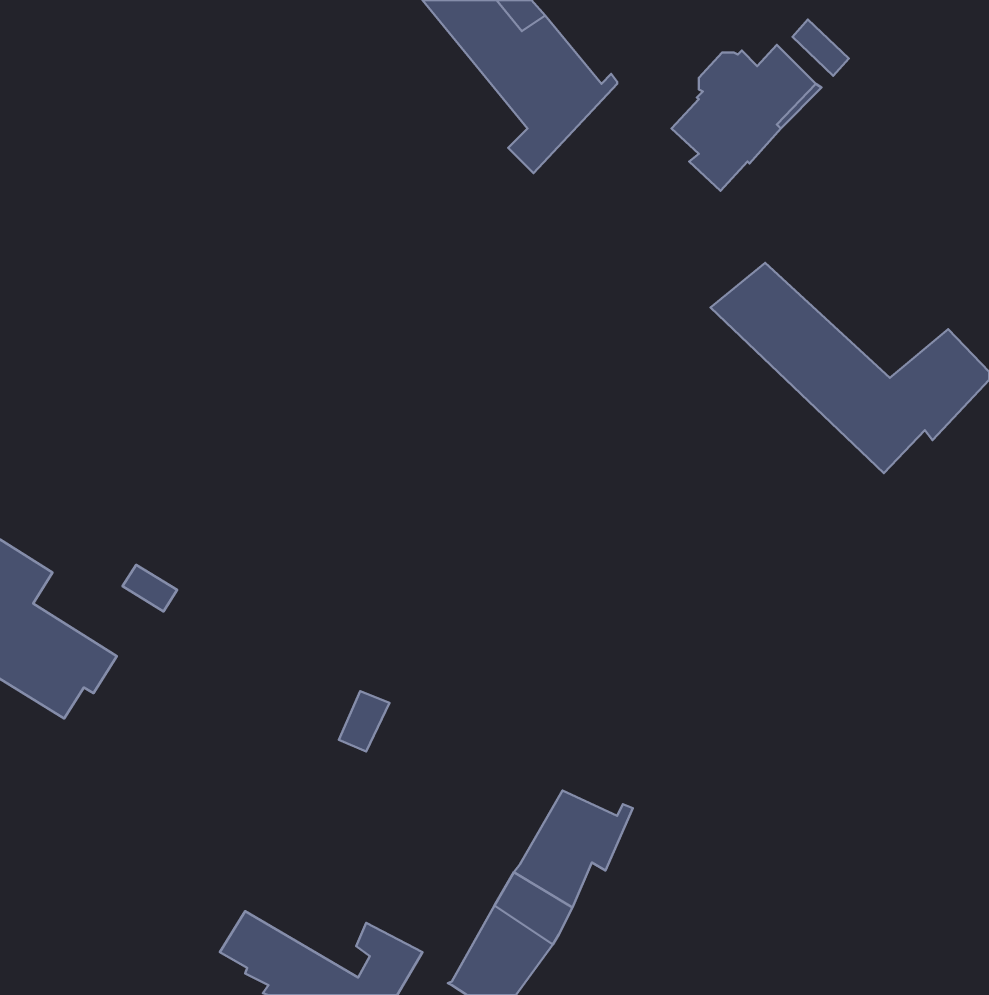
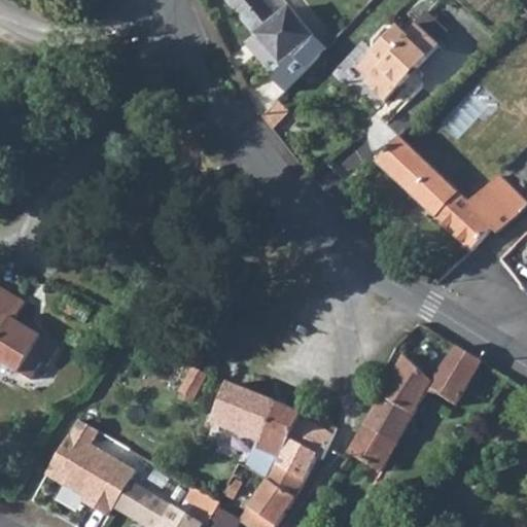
building: none -> [349,347,481,470]
building: none -> [210,381,300,457]
building: none -> [45,419,135,520]

